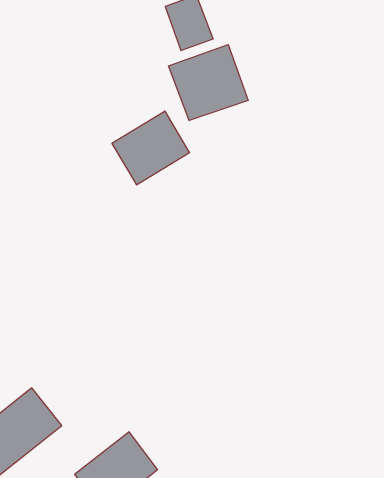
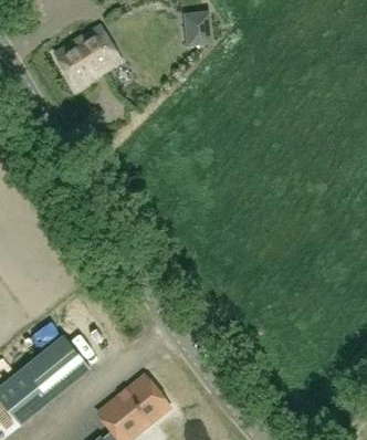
building: [169,45,248,121] -> none
building: [112,111,190,185] -> [54,25,120,88]

